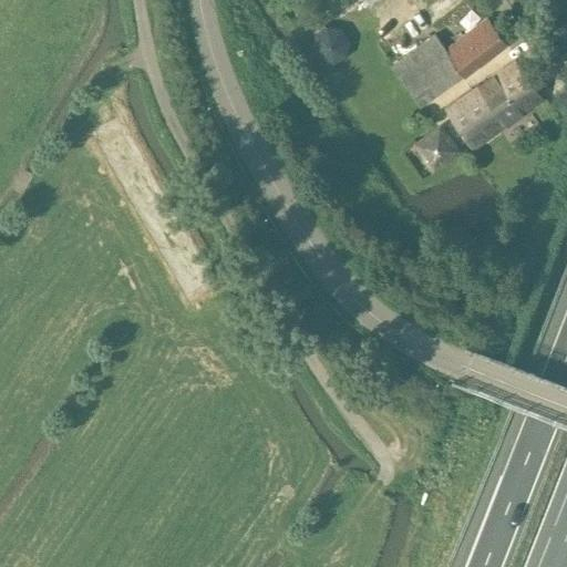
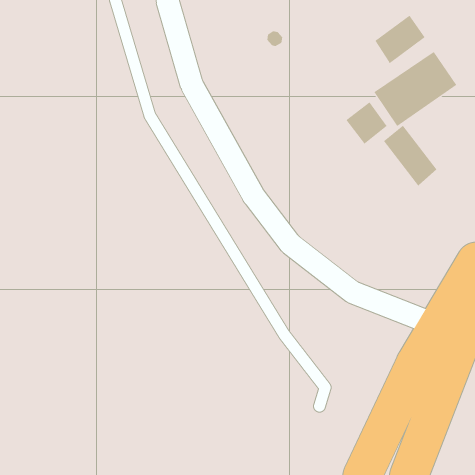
building: [391,35,463,107] -> none
building: none -> [383,125,437,187]

